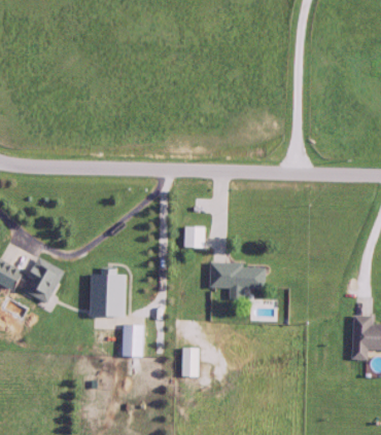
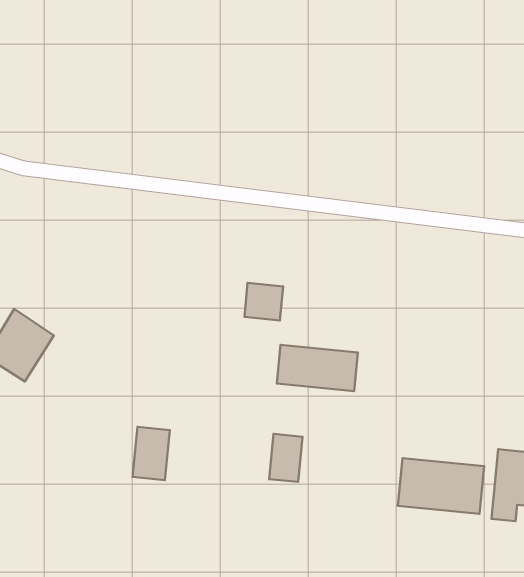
building: [89,271,124,317] -> none
building: none -> [398,458,484,514]
building: [181,349,200,377] -> [269,434,303,482]

